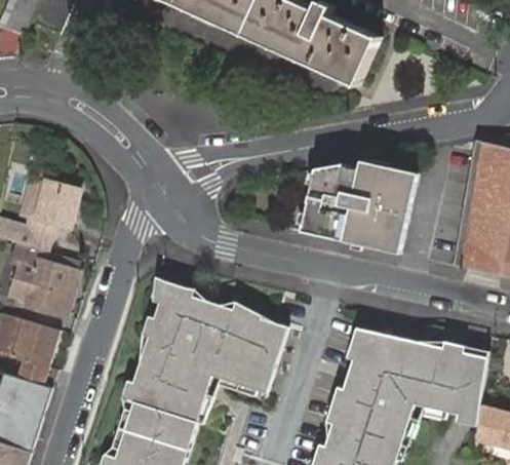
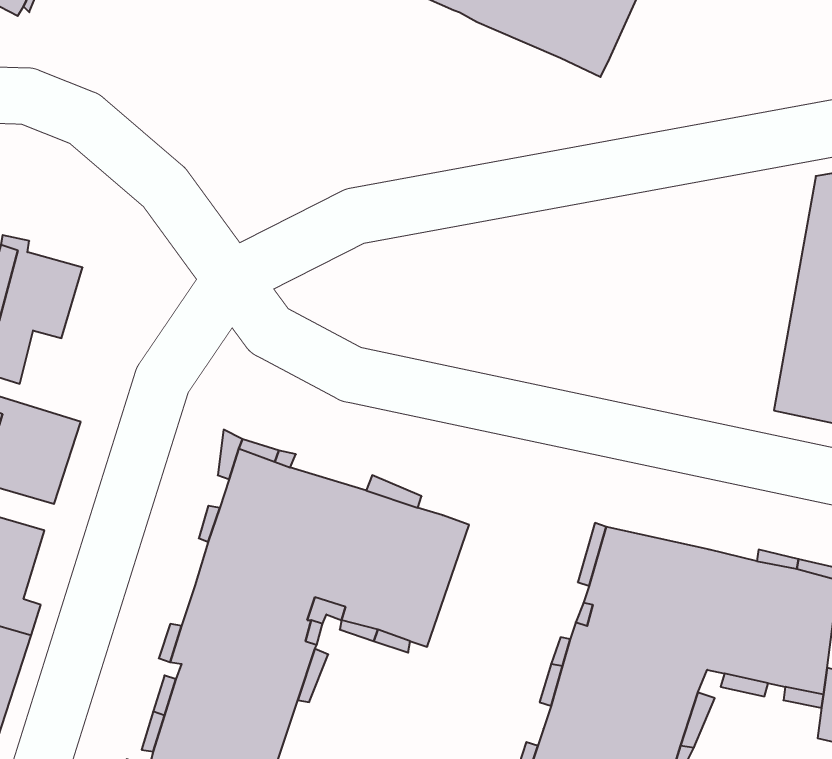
building: [300,161,417,255] -> none

